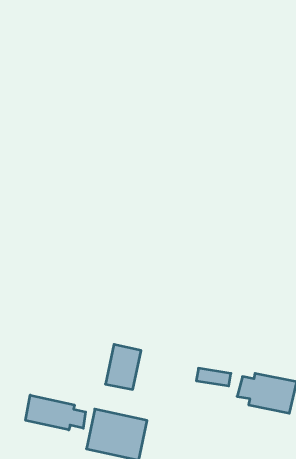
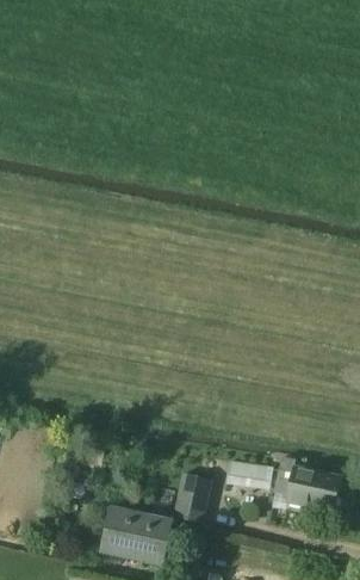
building: [105,344,141,389] -> [172,473,212,524]
building: [26,395,86,430] -> none

